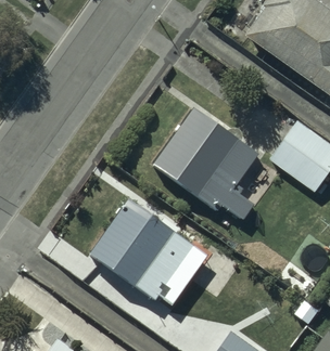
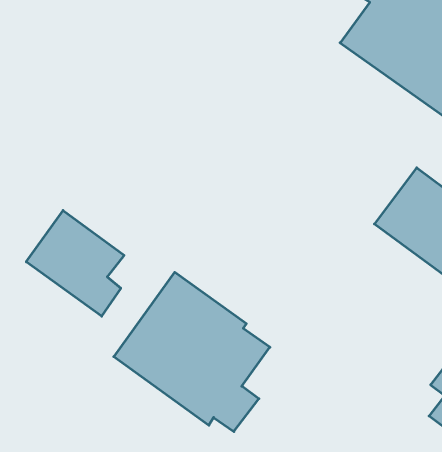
building: [152,104,259,219] -> none
building: none -> [26,210,124,316]

